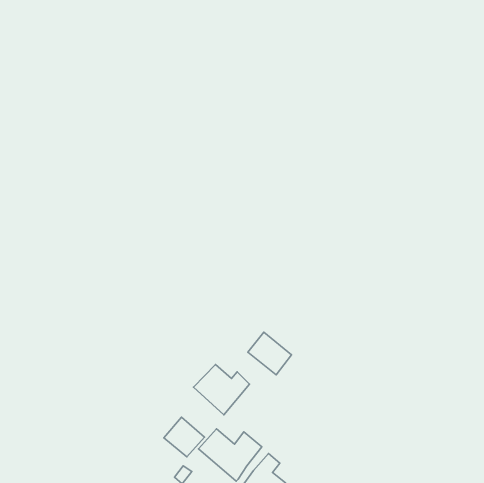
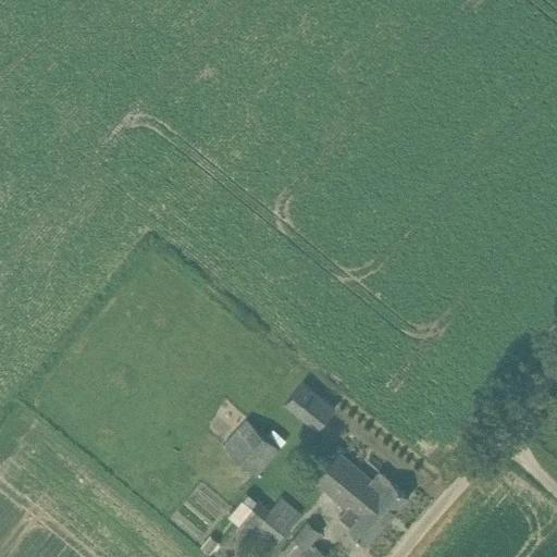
building: none -> [315,456,408,546]
building: [164,417,204,457] -> none

